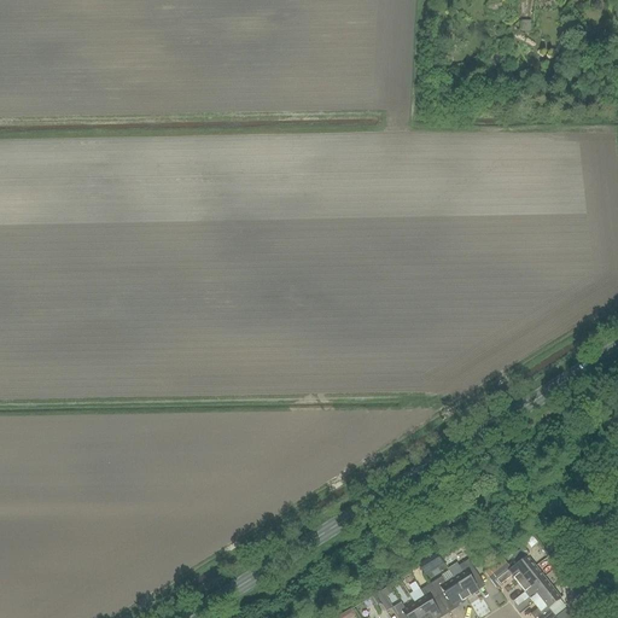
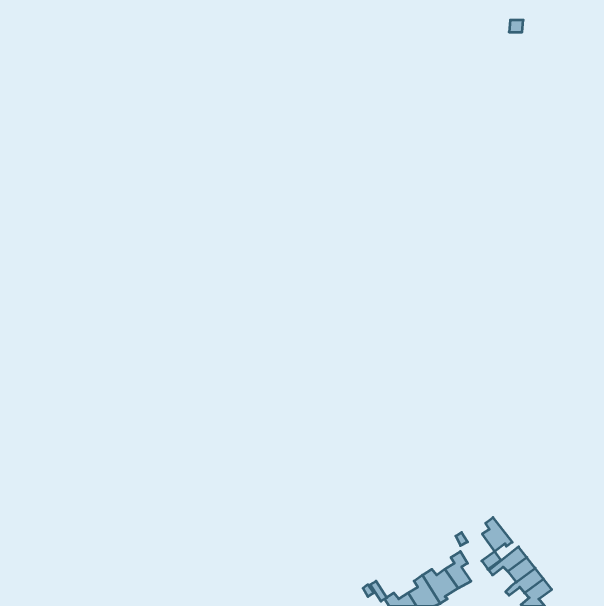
building: none -> [482,517,512,551]

